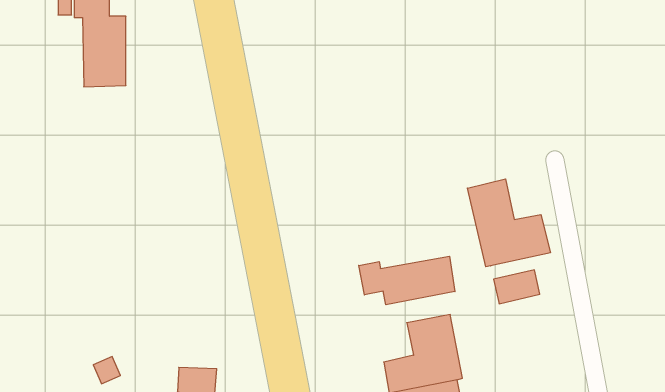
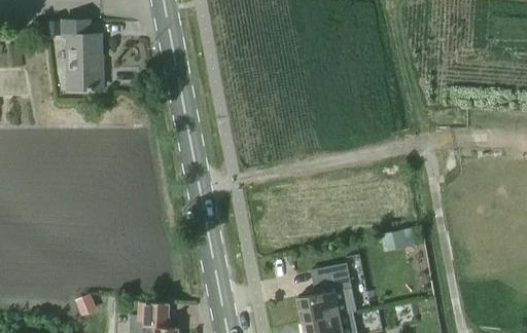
building: [467,179,550,267] -> none
building: [359,256,455,305] -> none

